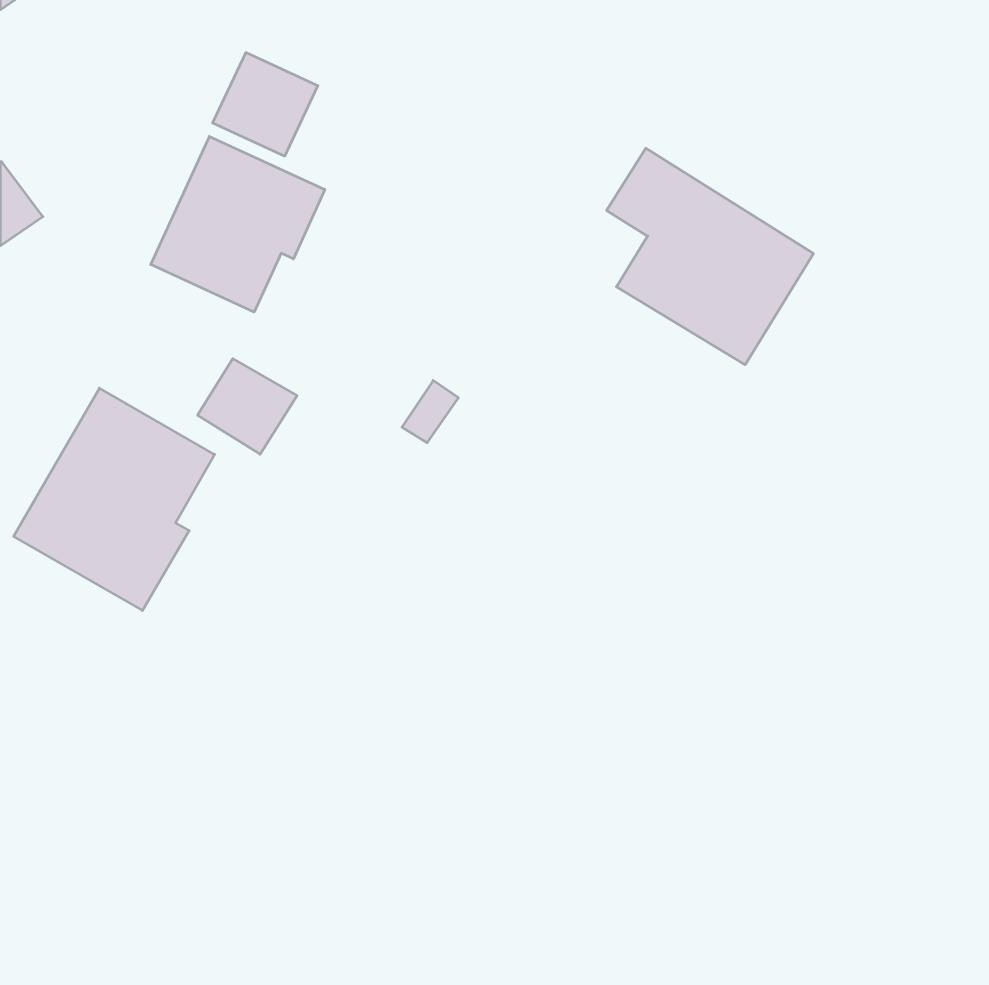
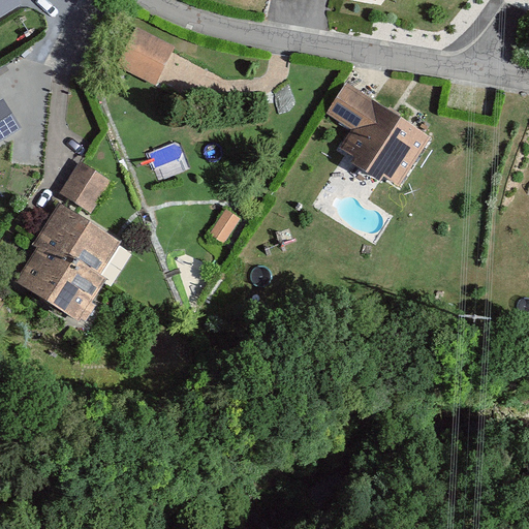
building: [151,136,325,312] -> none
building: [198,359,297,454] -> [57,160,110,211]

